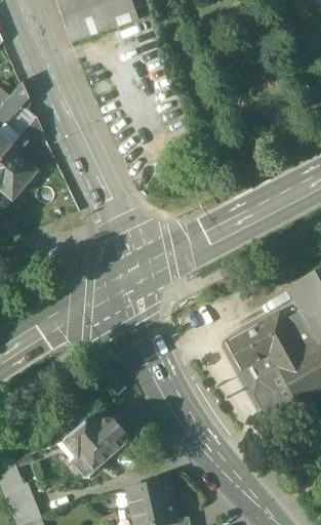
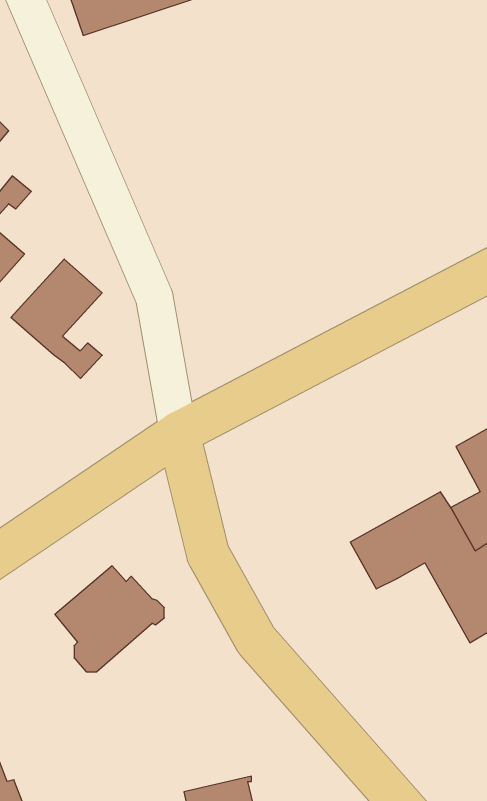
building: none -> [11,259,102,378]
building: [256,354,299,412] -> none
building: [68,411,132,474] -> [55,566,164,672]

